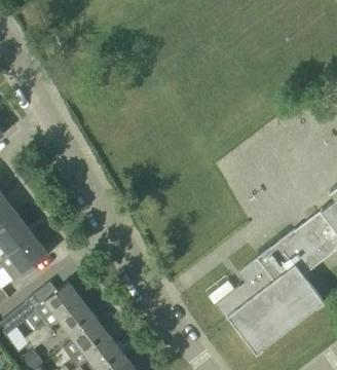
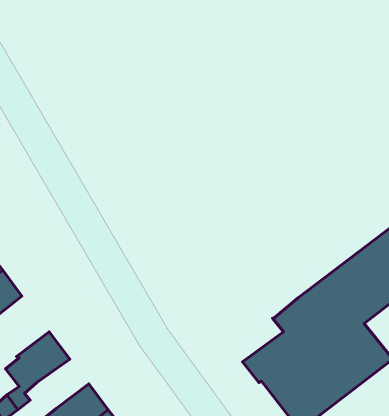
building: [60,302,99,339] -> none

